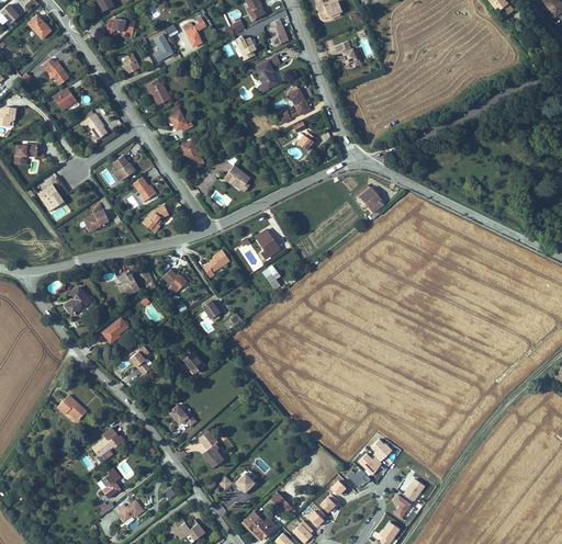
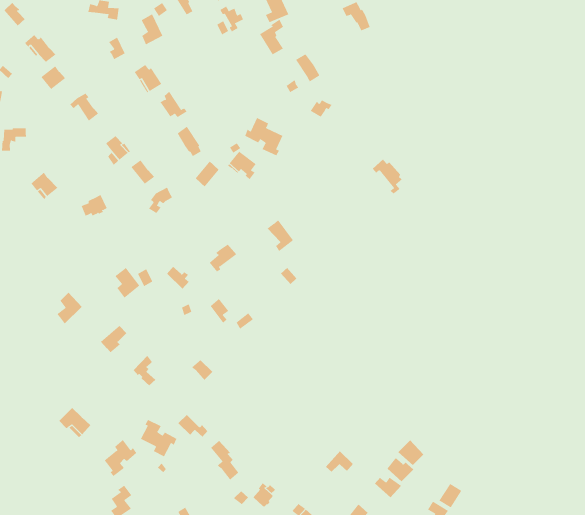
building: none -> [245,117,283,156]
building: none -> [140,419,177,457]

